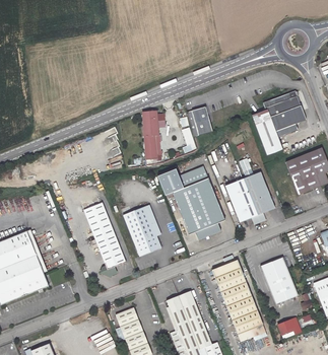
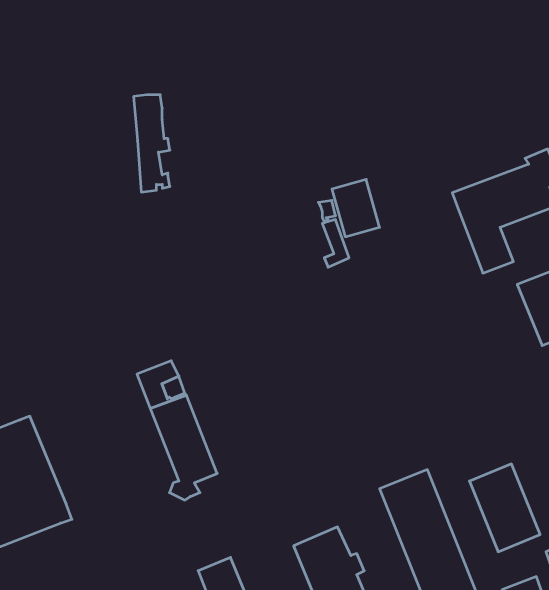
building: [142,111,161,162] -> [134,95,170,192]
building: [225,157,274,224] -> none
building: [157,167,225,239] -> none
building: [123,206,161,256] -> none

